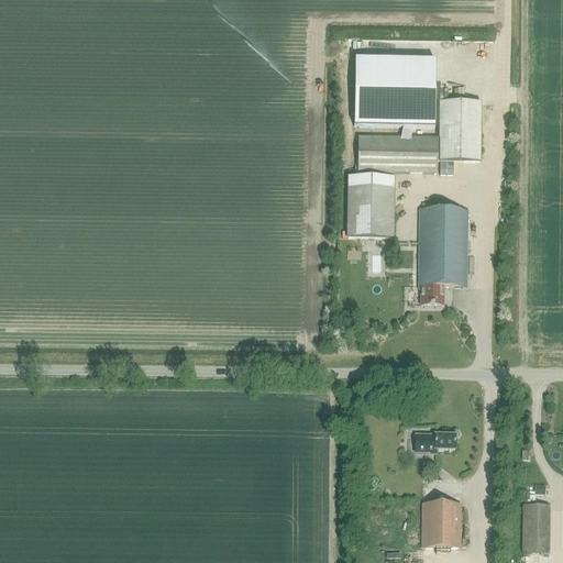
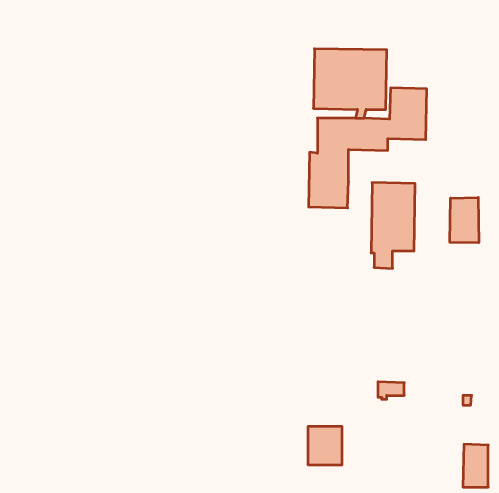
building: none -> [450,197,479,243]
building: [422,500,461,543] -> [308,427,342,465]

